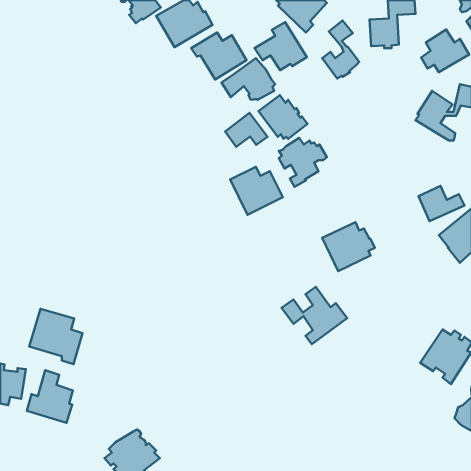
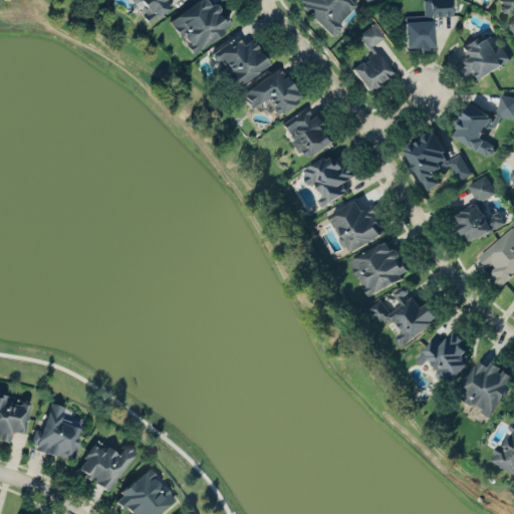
building: [254,22,307,70] -> none
building: [225,113,268,147] -> none
building: none -> [405,128,472,190]
building: none -> [468,176,496,203]
building: [230,167,283,215] -> [329,201,387,253]
building: [281,287,347,344] -> [368,285,440,347]
building: none -> [417,332,473,383]
building: [29,309,82,364] -> none
building: none -> [79,439,135,488]

